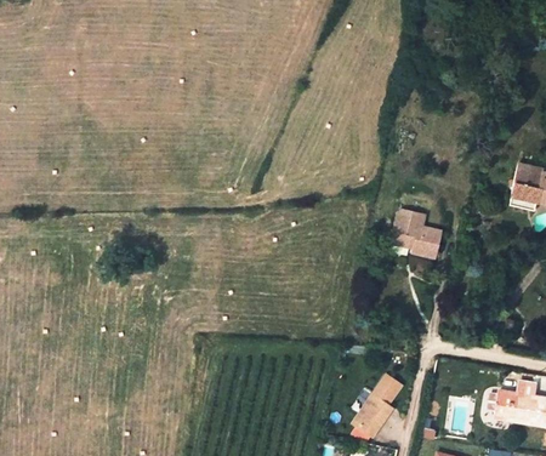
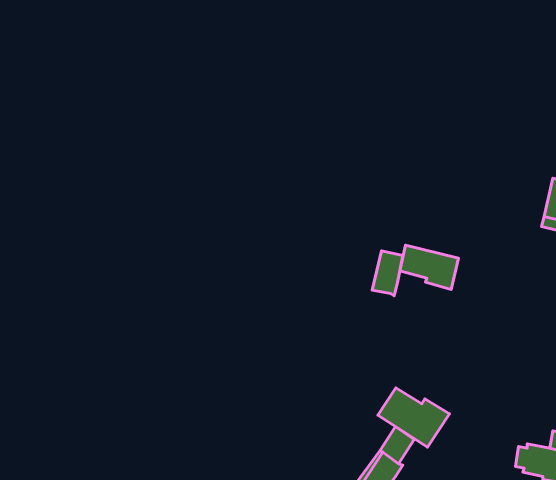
building: none -> [372,251,403,296]
building: none -> [378,388,450,447]

